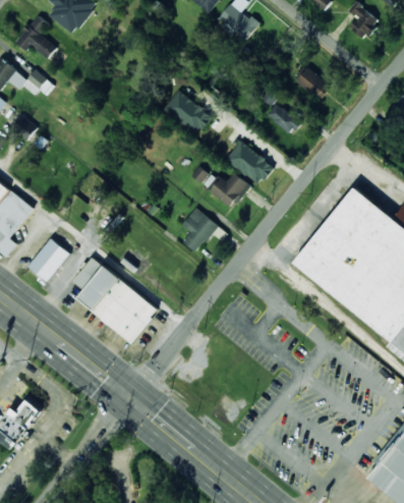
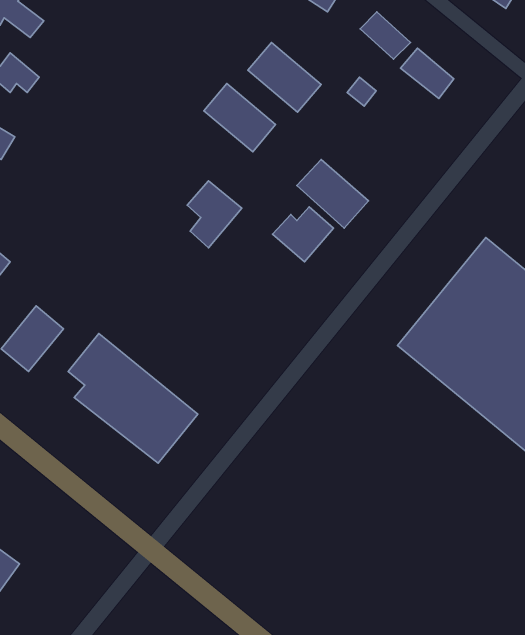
building: none -> [248,42,321,112]
building: [266,102,299,133] -> [360,12,410,59]
building: [180,207,217,252] -> [187,181,242,248]

